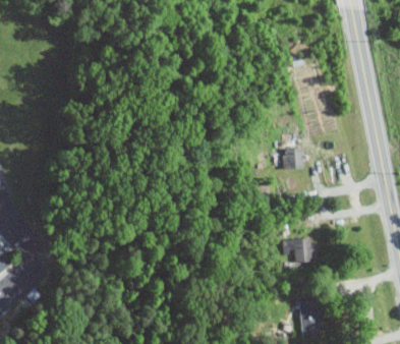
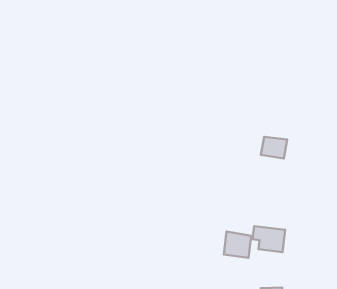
building: none -> [224,232,251,258]

